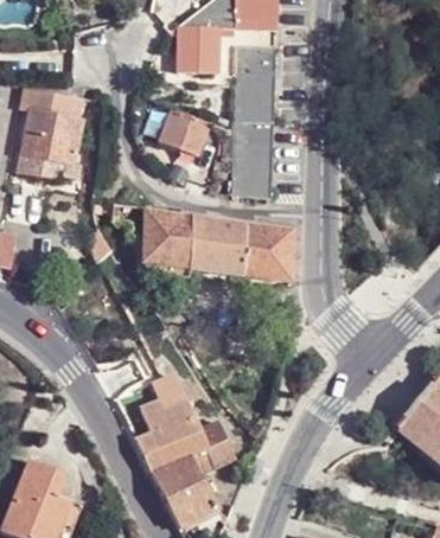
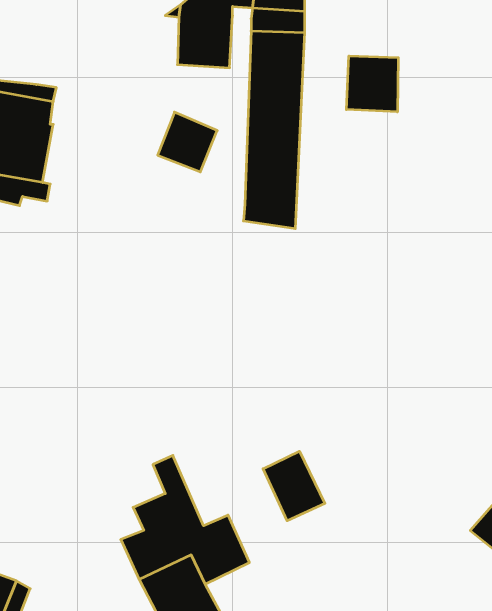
building: none -> [346,56,398,112]
building: [114,204,294,281] -> none
building: none -> [263,451,325,521]

